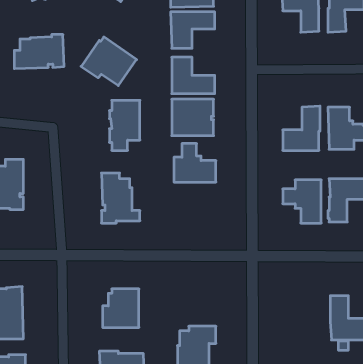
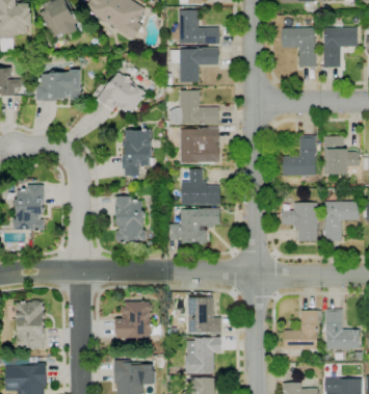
building: none -> [168,209,219,244]
building: none -> [188,296,220,333]
building: none -> [284,310,317,357]

